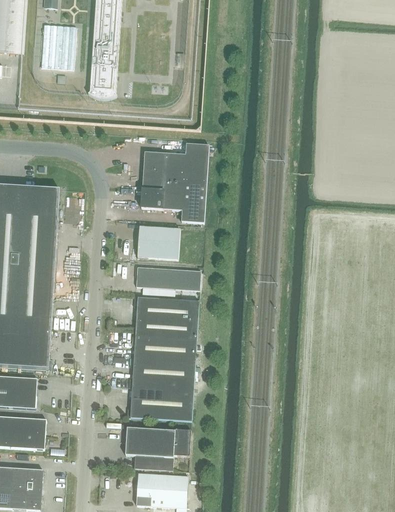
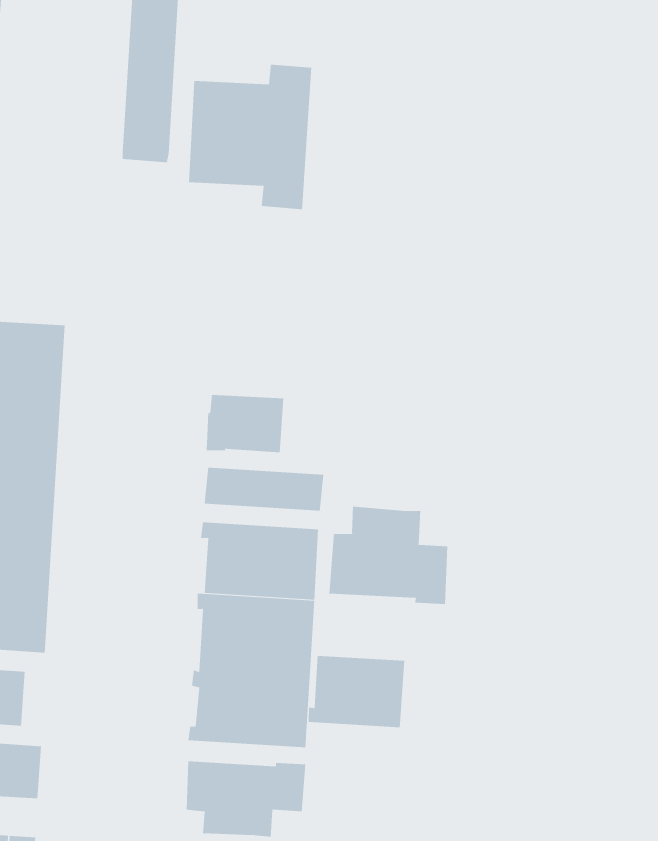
building: [40,23,75,68] -> none
building: [140,142,208,222] -> [188,64,312,210]
building: none -> [329,506,448,605]
building: none -> [308,655,405,728]

